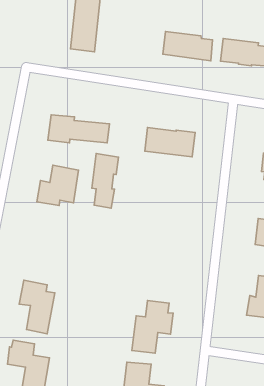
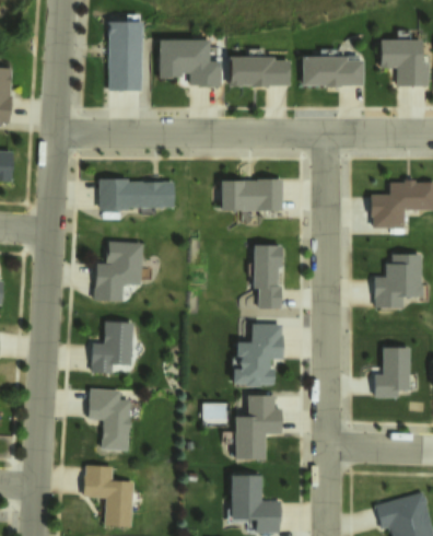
building: none -> [157,37,221,86]
building: [92,154,118,208] -> [253,244,281,310]
building: none -> [90,321,132,375]
building: none -> [233,323,283,387]

